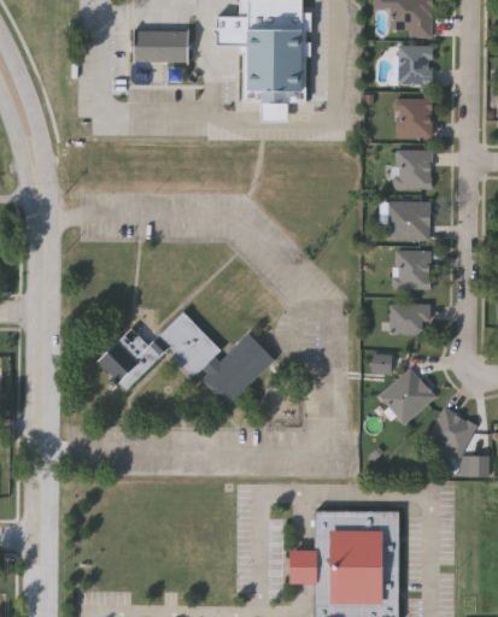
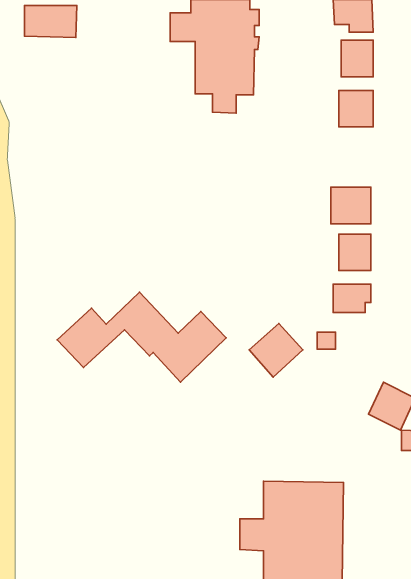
building: [134,29,189,63] -> [24,6,77,37]
building: [396,149,430,187] -> none
building: [379,368,435,424] -> [249,324,303,377]

